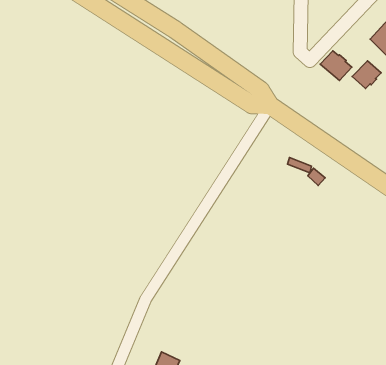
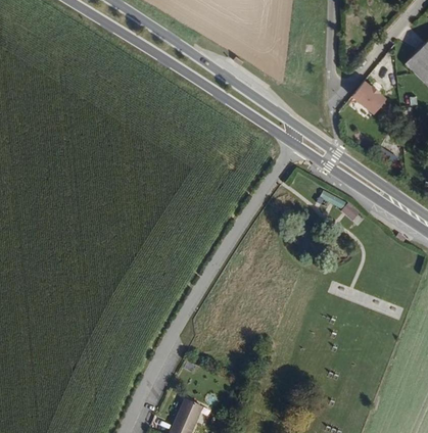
building: [352,61,381,89] -> none

